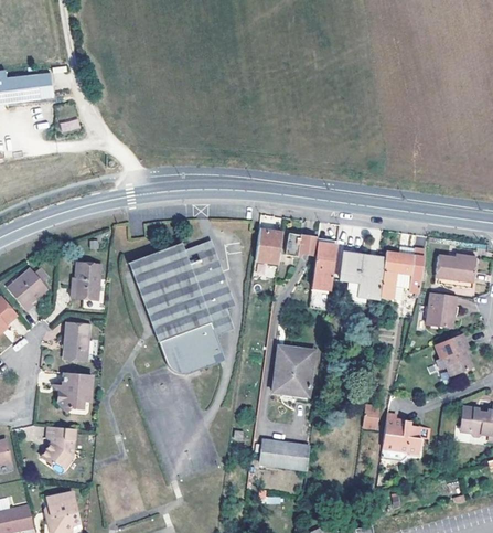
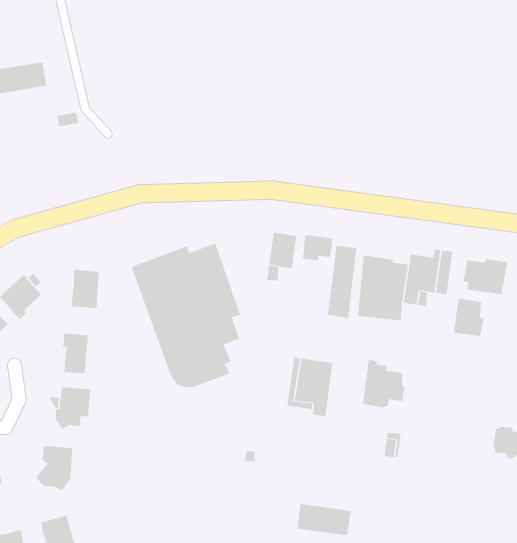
building: [437,333,473,376] -> none
building: [382,414,421,459] -> [362,359,405,408]
building: [260,439,311,469] -> [296,504,352,536]

